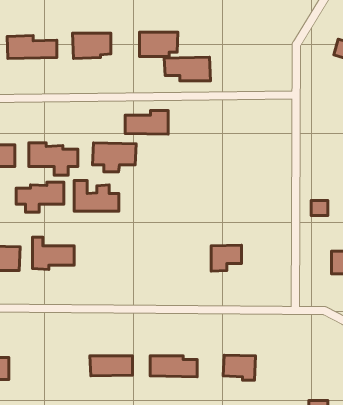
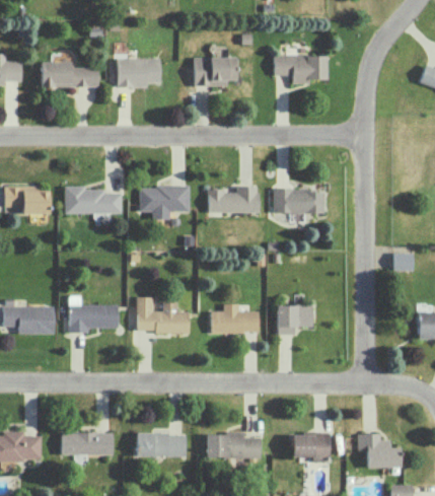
building: [164,57,210,81] -> [274,55,328,82]
building: [125,111,168,134] -> [208,187,258,214]
building: none -> [273,190,324,214]
building: [74,181,119,211] -> [137,297,189,333]
building: [16,182,64,212] -> none
building: none -> [211,304,259,334]
building: none -> [61,432,114,456]
building: none -> [358,434,401,469]

